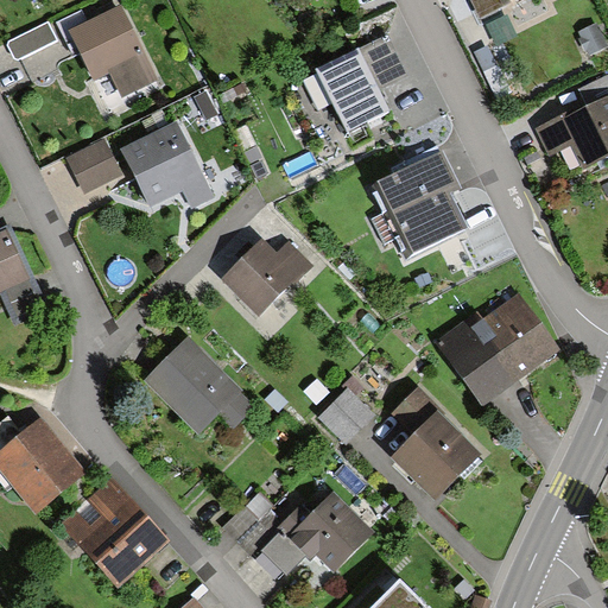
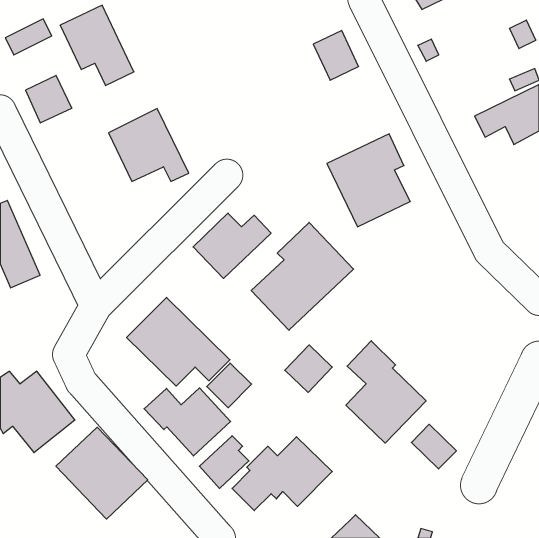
building: [299,50,382,133] -> none
building: [64,139,116,192] -> [26,75,72,123]
building: none -> [251,222,354,330]
building: [442,291,559,403] -> none
building: none -> [207,363,252,408]
building: none -> [144,388,231,456]
building: none -> [411,424,456,469]

